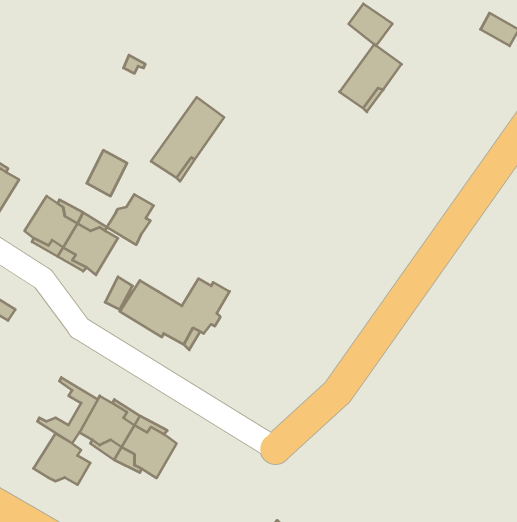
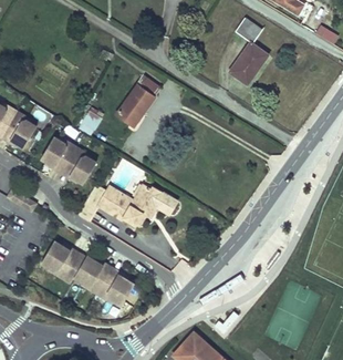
building: [107,194,154,245] -> none
building: [33,434,90,485] -> [40,243,74,274]

